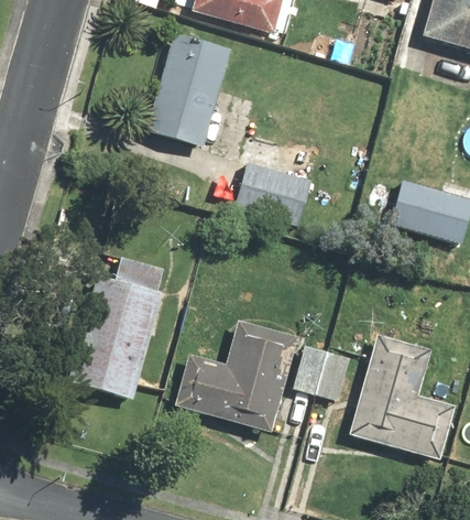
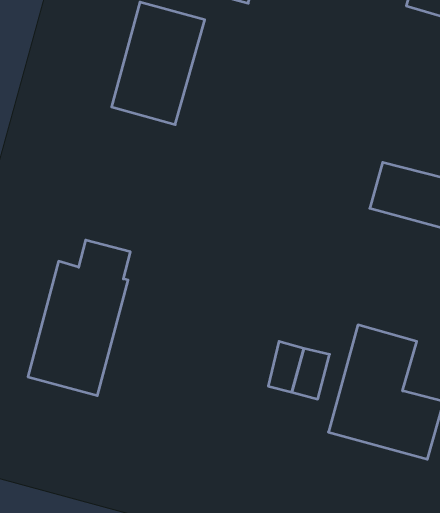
building: [236,164,315,229] -> none
building: [174,318,298,432] -> none

